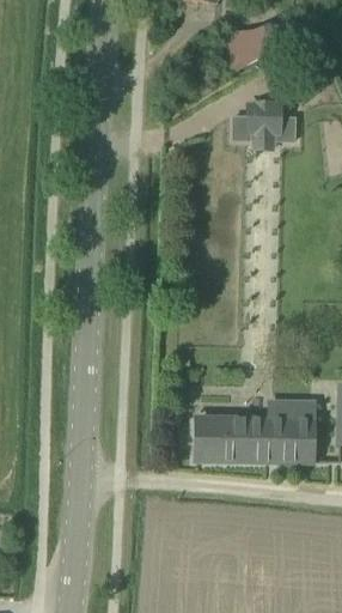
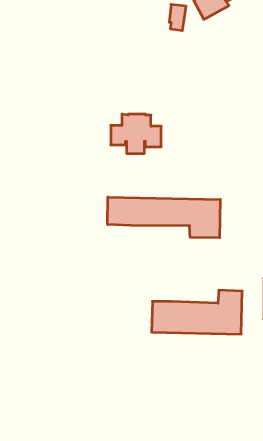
building: [231,99,295,150] -> [111,114,161,153]
building: none -> [108,197,220,238]

